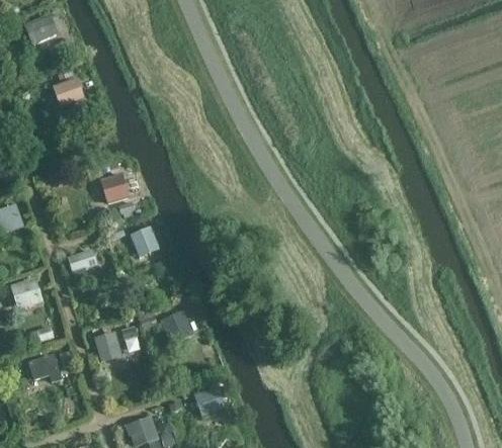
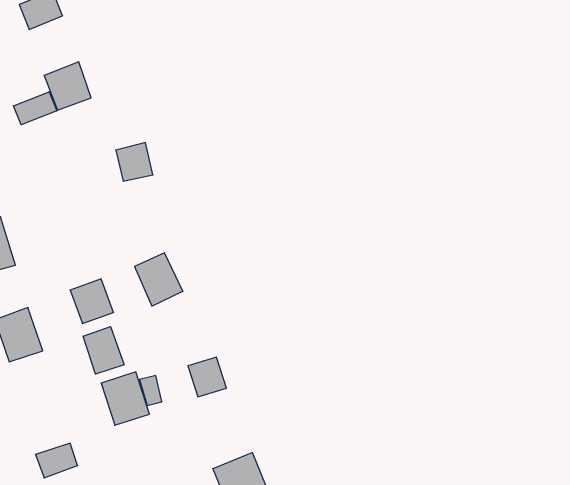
building: none -> [14,92,57,125]
building: [102,171,133,202] -> [116,143,153,181]
building: none -> [83,327,124,374]
building: [29,352,64,380] -> [35,443,78,478]

